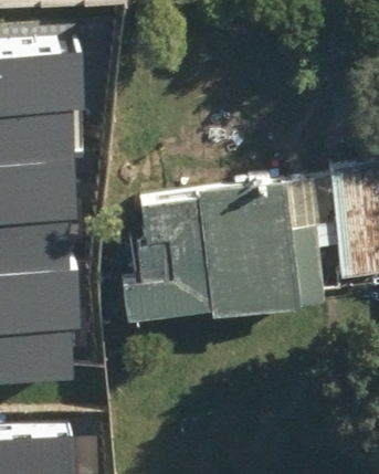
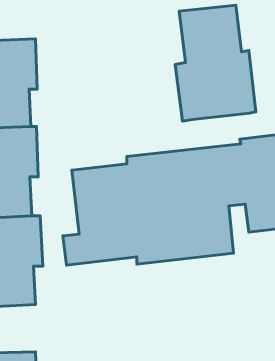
building: none -> [175,5,256,121]

